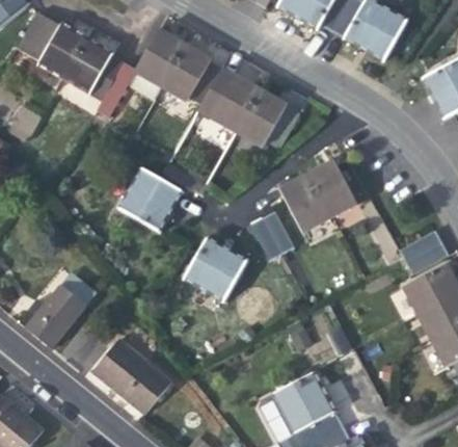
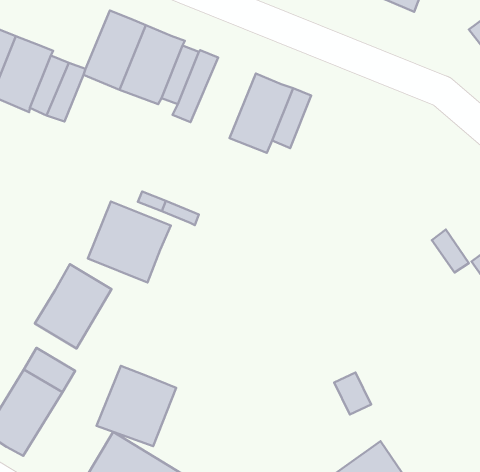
building: [208,74,261,134] -> none
building: [279,160,357,233] -> none
building: none -> [35,264,112,348]
building: [250,212,294,260] -> none
building: [184,238,246,300] -> [97,366,176,446]

